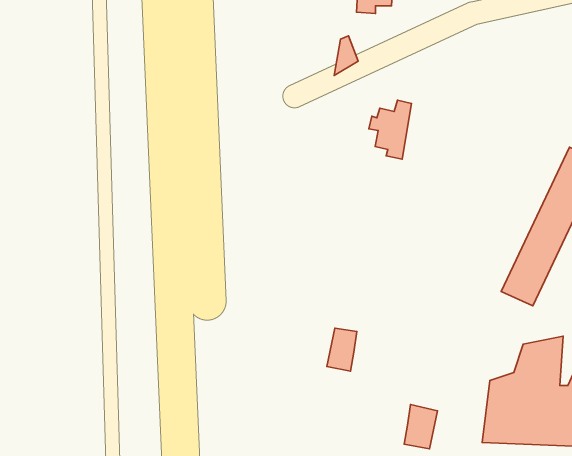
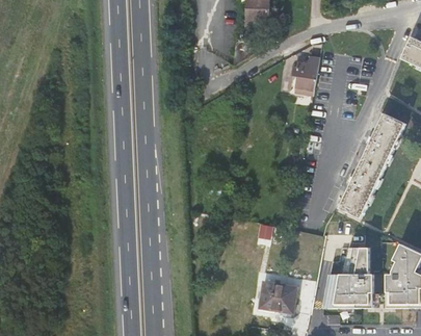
building: [369,100,412,159] -> [293,51,321,89]
building: [327,328,357,371] -> [261,279,281,307]

